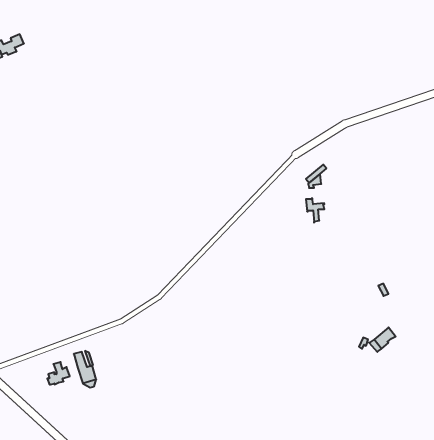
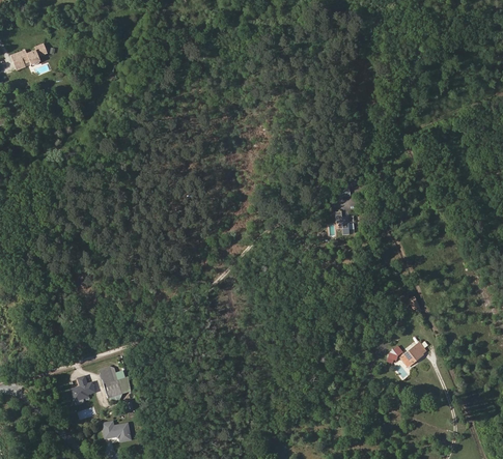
building: none -> [101,421,131,442]

